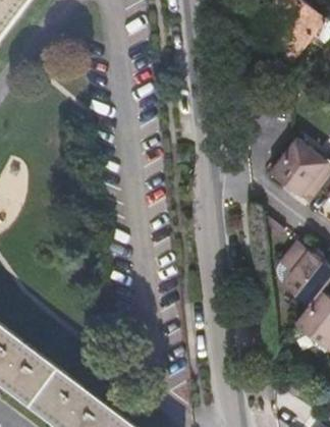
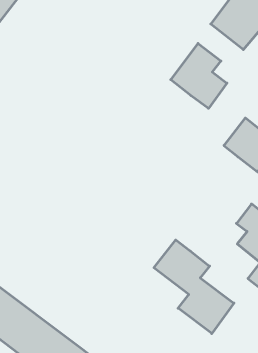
building: none -> [171,43,227,108]
building: none -> [154,240,234,334]

